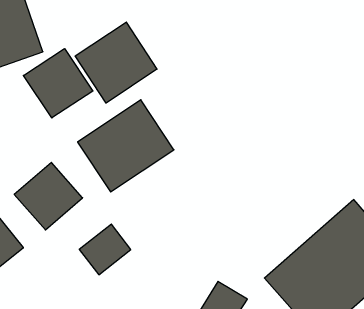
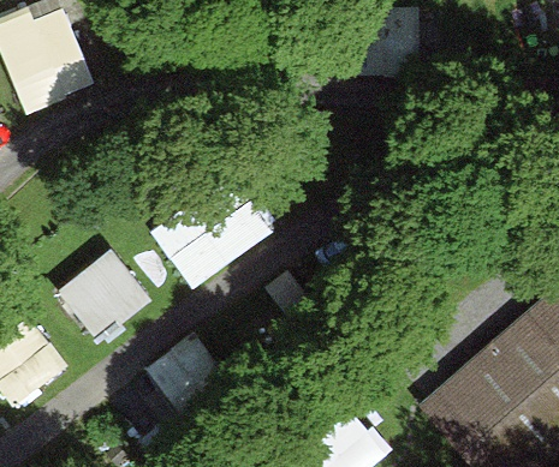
building: [75,22,157,103] -> none
building: [23,49,93,118] -> none

